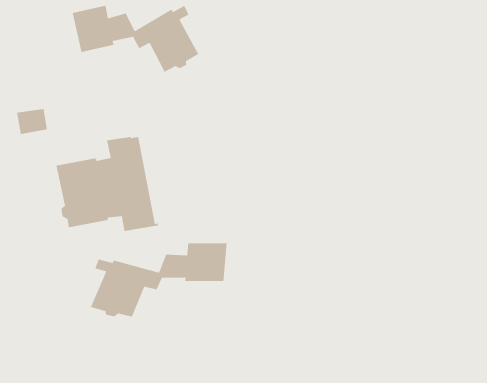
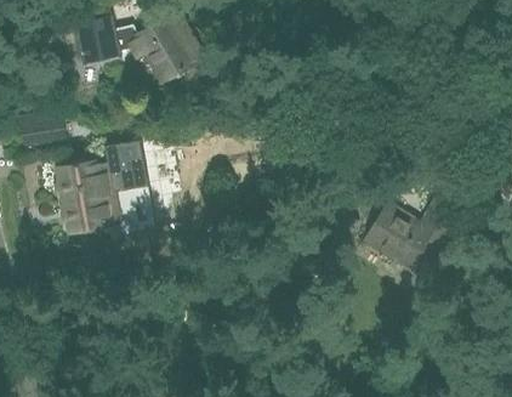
building: none -> [364,194,463,278]
building: [89,243,227,318] -> none

